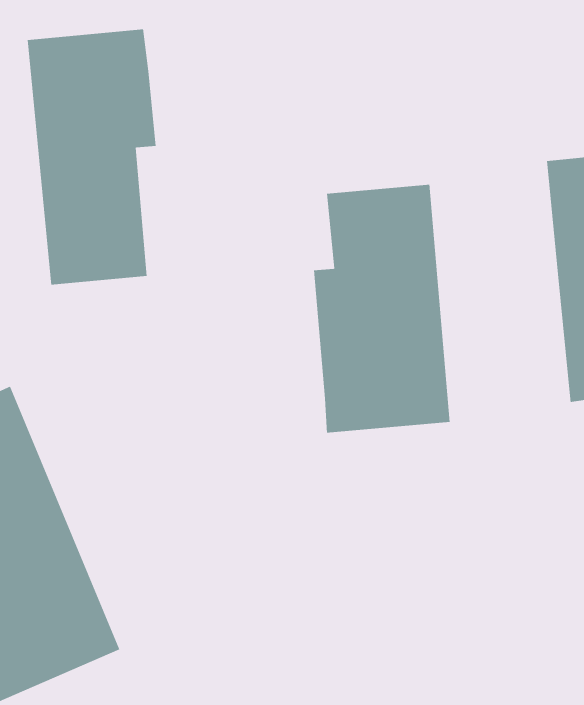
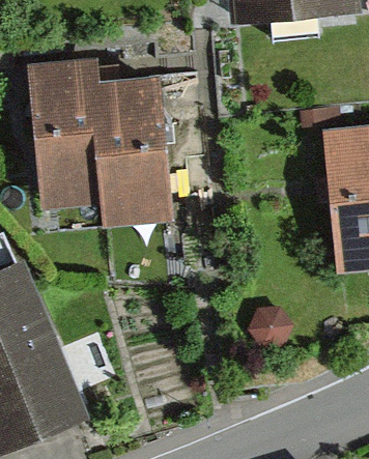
building: [313,184,450,433] -> [94,81,172,222]

